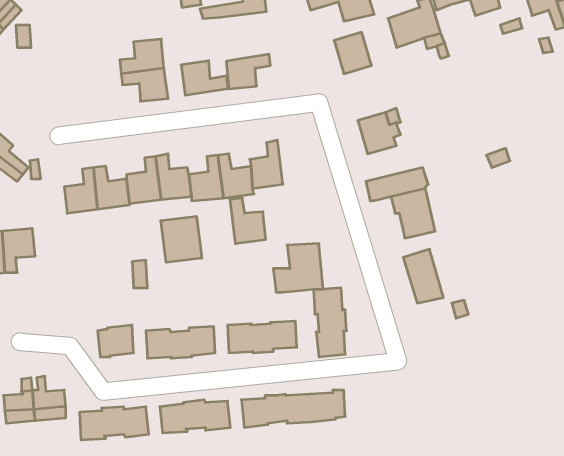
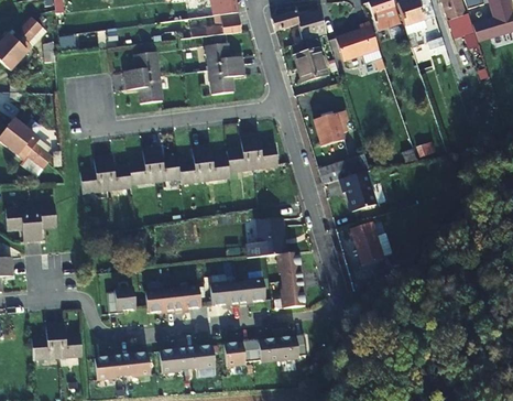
building: [181,61,228,95] -> [206,44,243,72]
building: [230,198,266,244] -> [250,133,279,170]
building: [161,216,202,262] -> none

